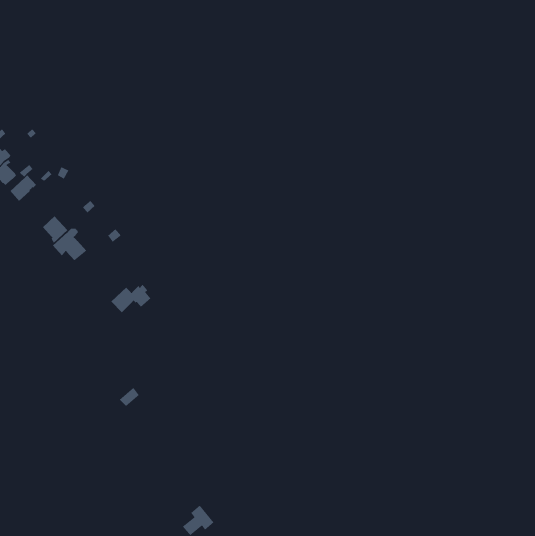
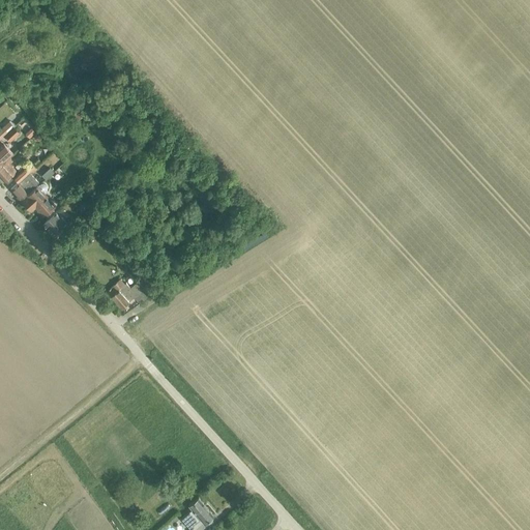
building: [52,228,87,261] -> [20,184,54,217]

